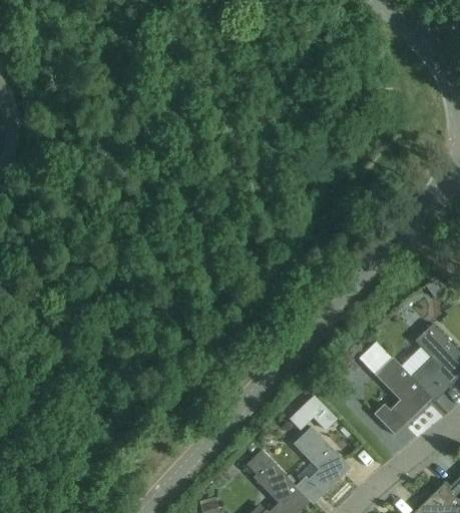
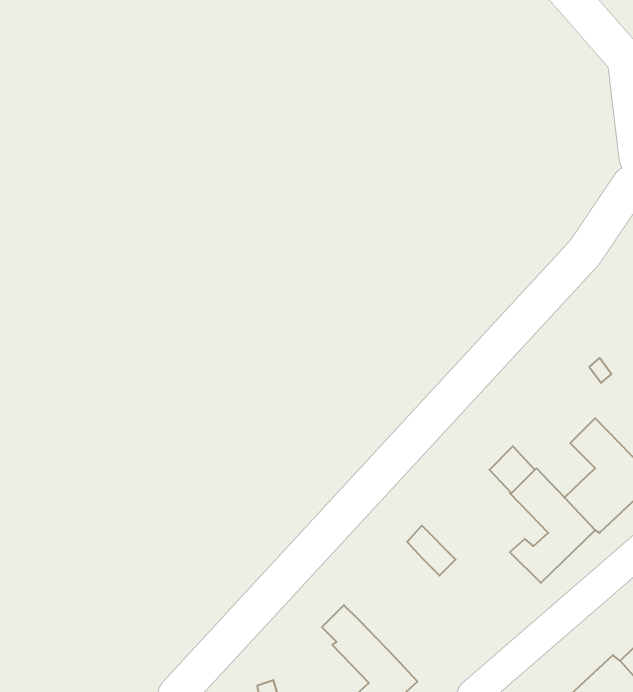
building: [294,427,352,505] -> none

